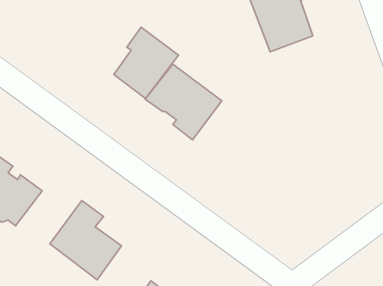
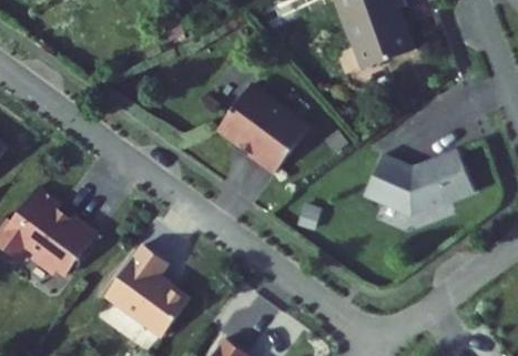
building: [114,27,178,99] -> none
building: none -> [362,151,471,216]

